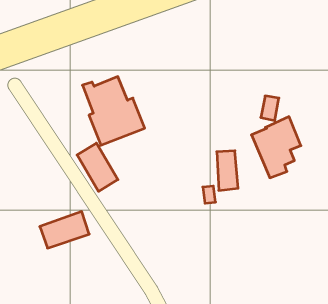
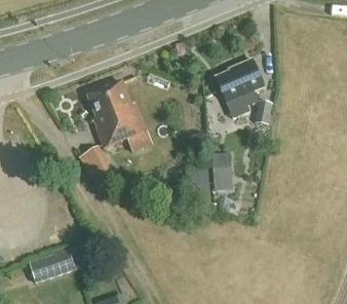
building: [251,117,301,178] -> [217,59,264,117]
building: [40,212,89,248] -> [30,248,77,282]

